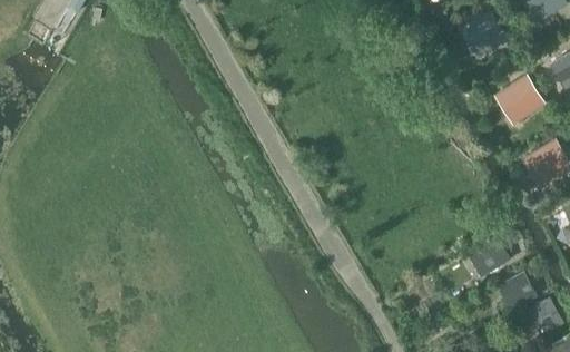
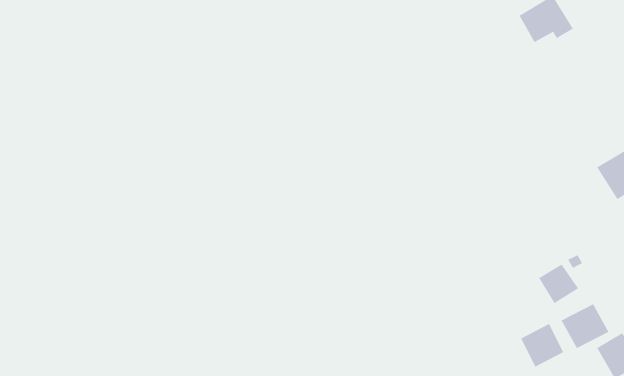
building: [497,77,539,123] -> none
building: none -> [520,323,564,368]

